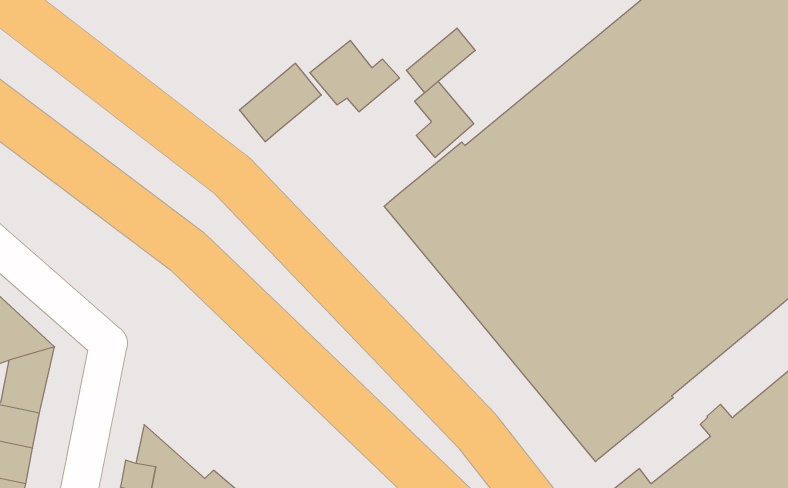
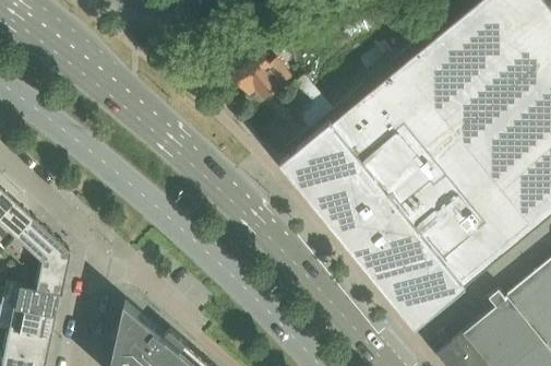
building: [406,28,475,93] -> none
building: [239,63,321,142] -> none

